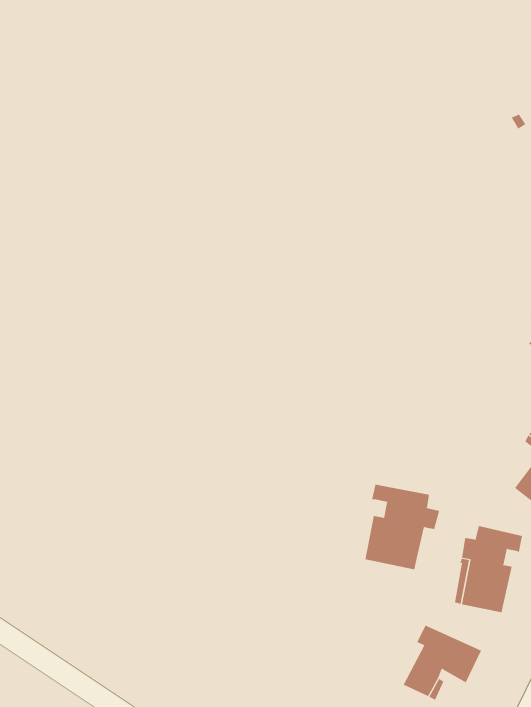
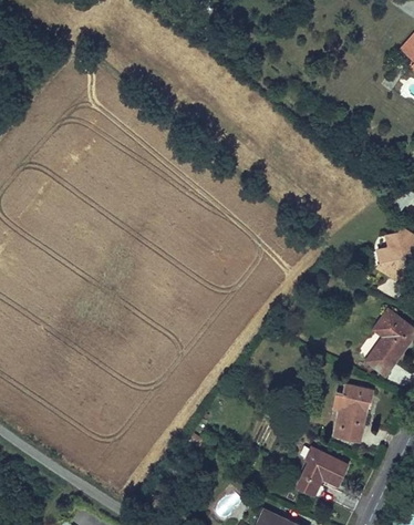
building: [365,484,440,570] -> none

